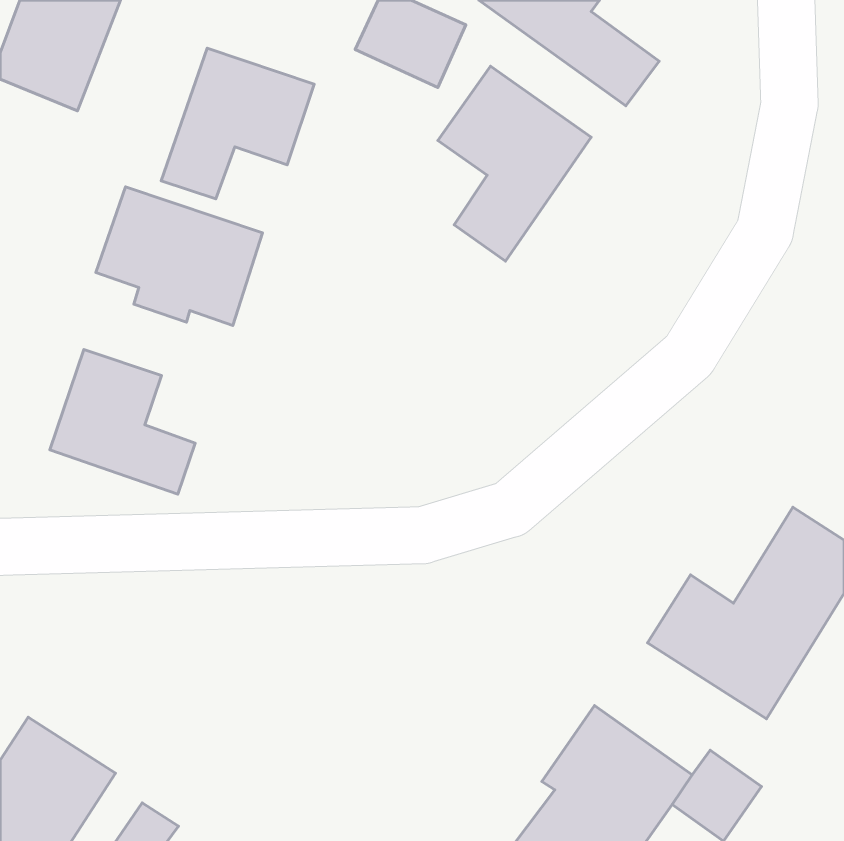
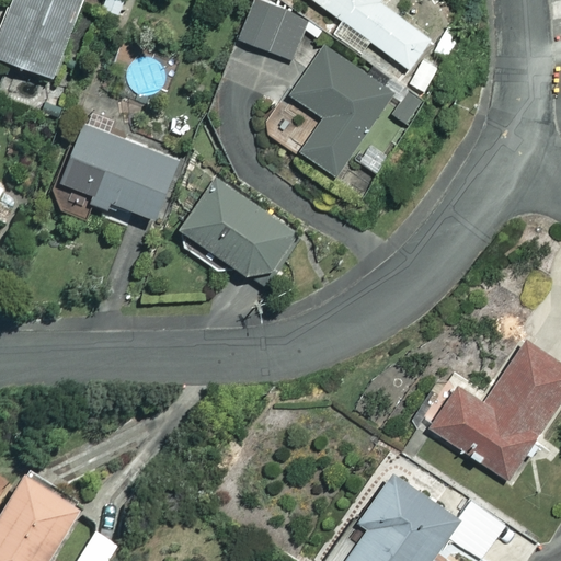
building: [161,48,314,199] -> none
building: none -> [174,180,297,285]
building: [50,349,195,494] -> none

